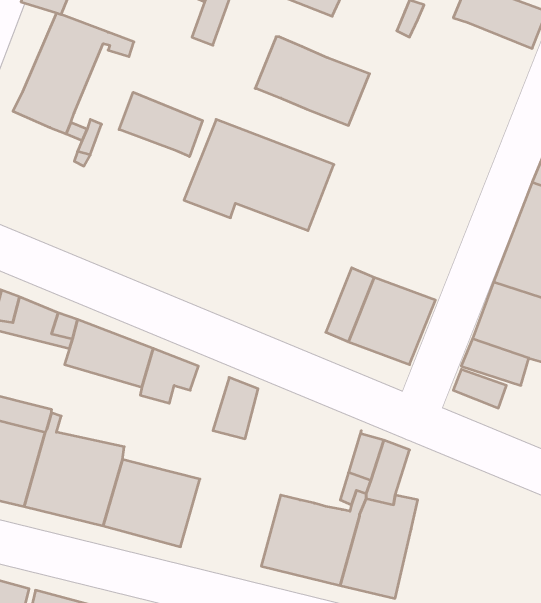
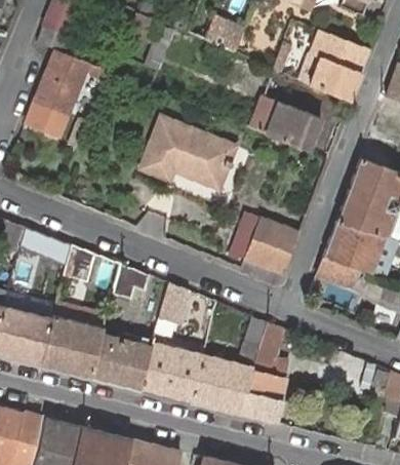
building: none -> [301,53,361,102]
building: [255,37,370,125] -> [250,94,323,151]
building: [119,92,203,157] -> none
building: none -> [137,344,204,402]

